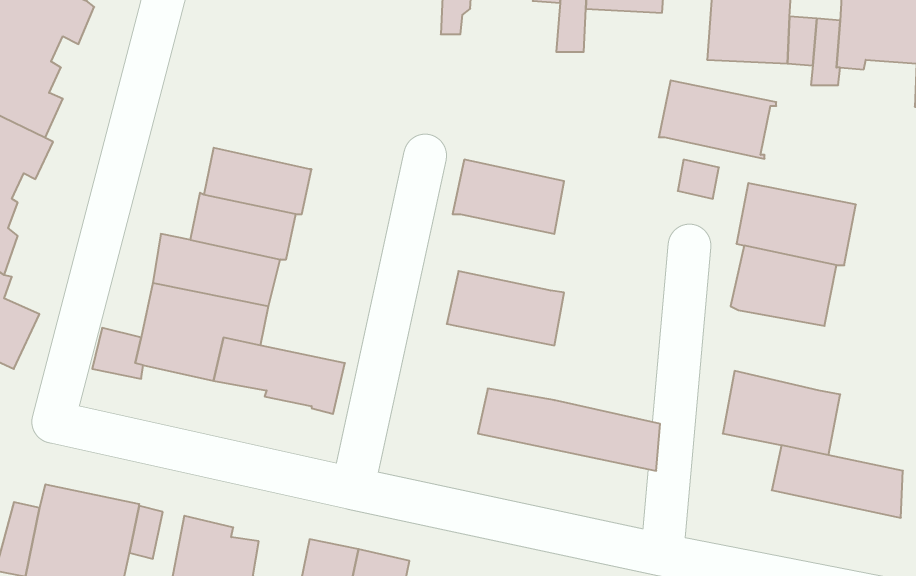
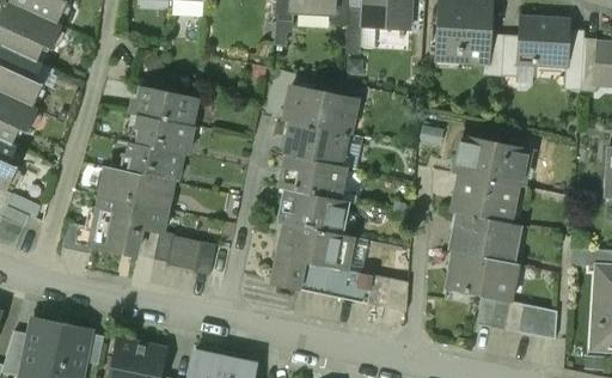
building: [659,80,776,159] -> [284,86,356,134]
building: none -> [128,86,200,127]
building: none -> [279,154,348,201]
building: none -> [447,213,512,262]
building: none -> [270,222,349,288]

